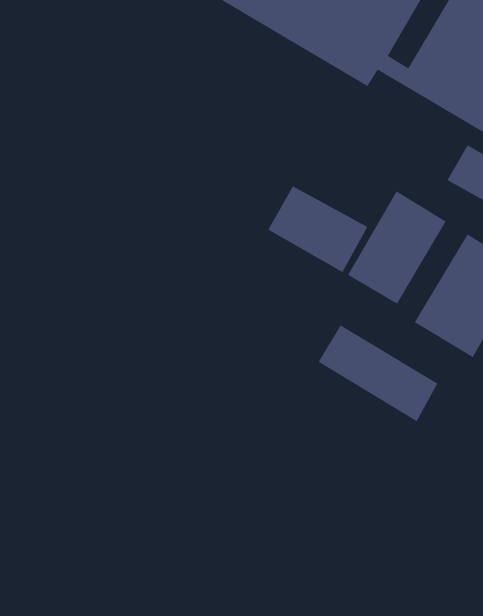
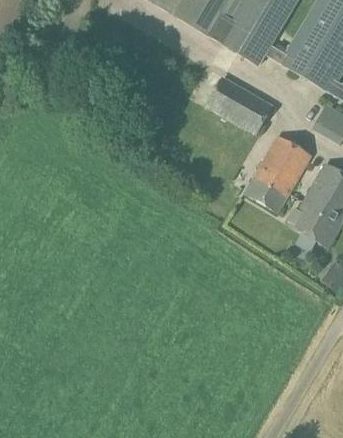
building: [267,185,368,273] -> [206,75,274,134]
building: [318,325,438,422] -> none

